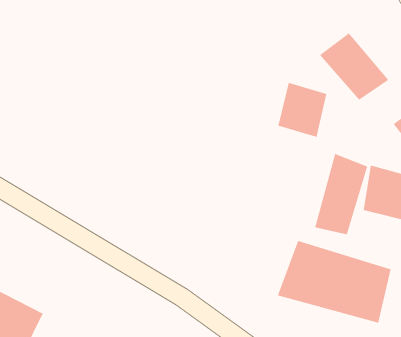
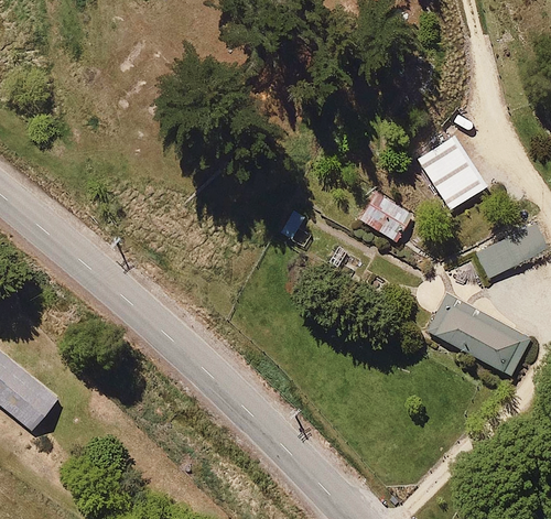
building: [314,153,368,235] -> none
building: [277,240,391,324] -> none

